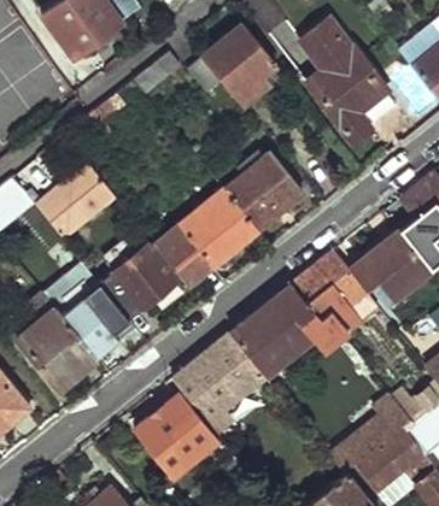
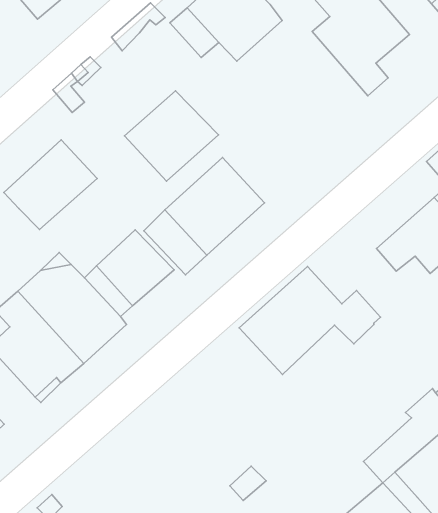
building: [224,152,305,229] -> [125,91,219,181]
building: [292,252,368,333] -> none
building: [174,335,265,448] -> none
building: [136,395,216,476] -> none

